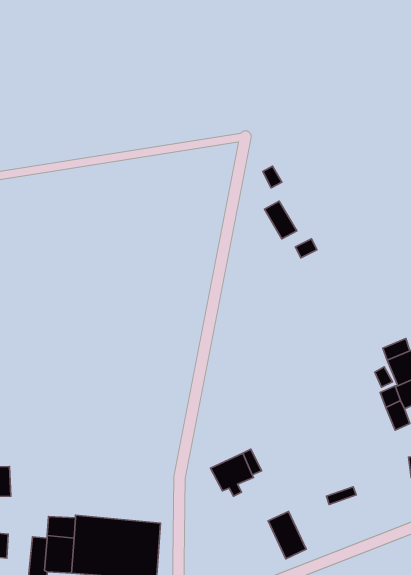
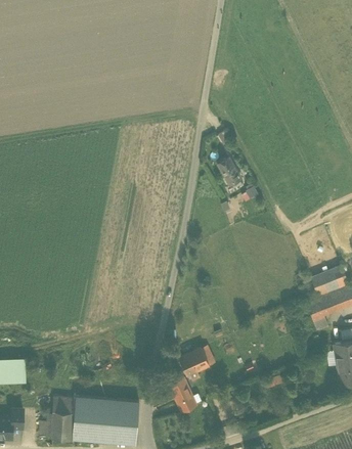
building: [268,512,306,559] -> [169,378,197,414]

